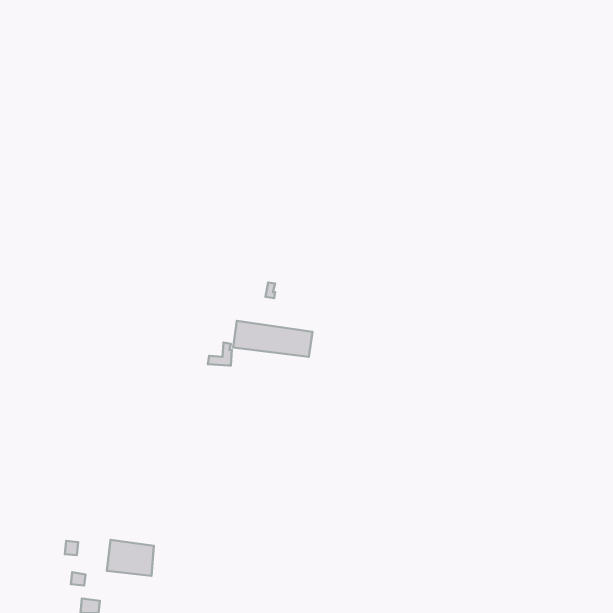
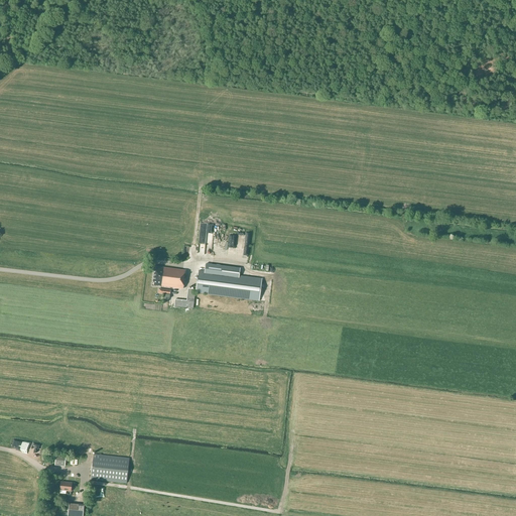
building: none -> [154,265,186,287]

